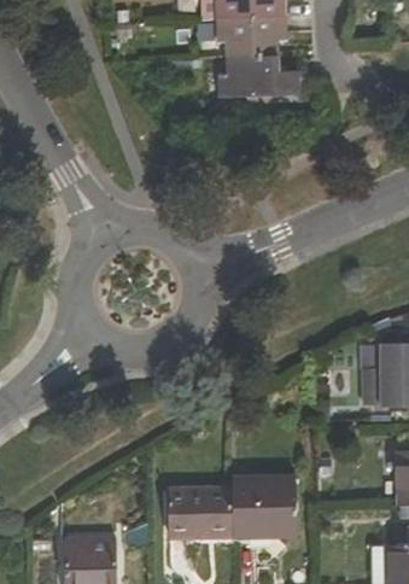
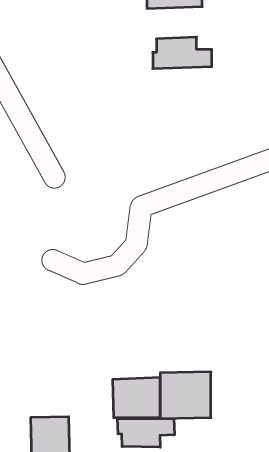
building: [214,17,284,58] -> none
building: none -> [118,419,174,447]

